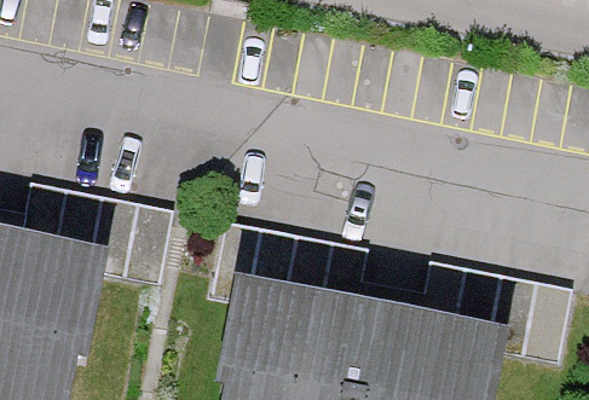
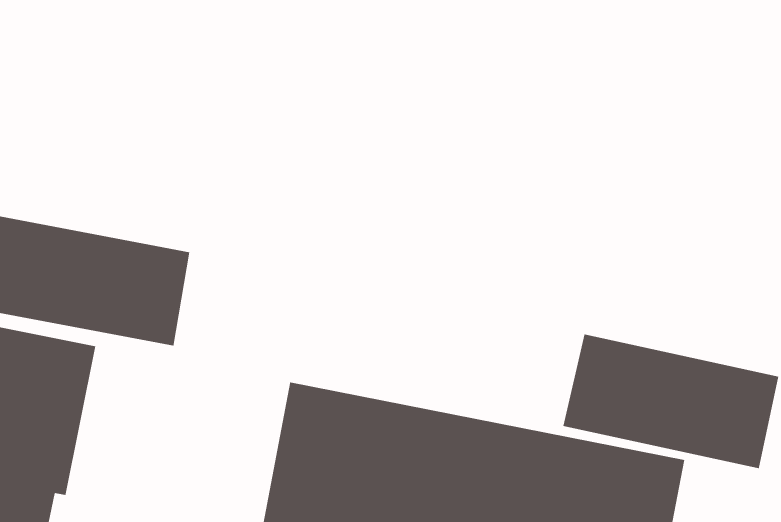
building: [214,222,360,312] -> none

